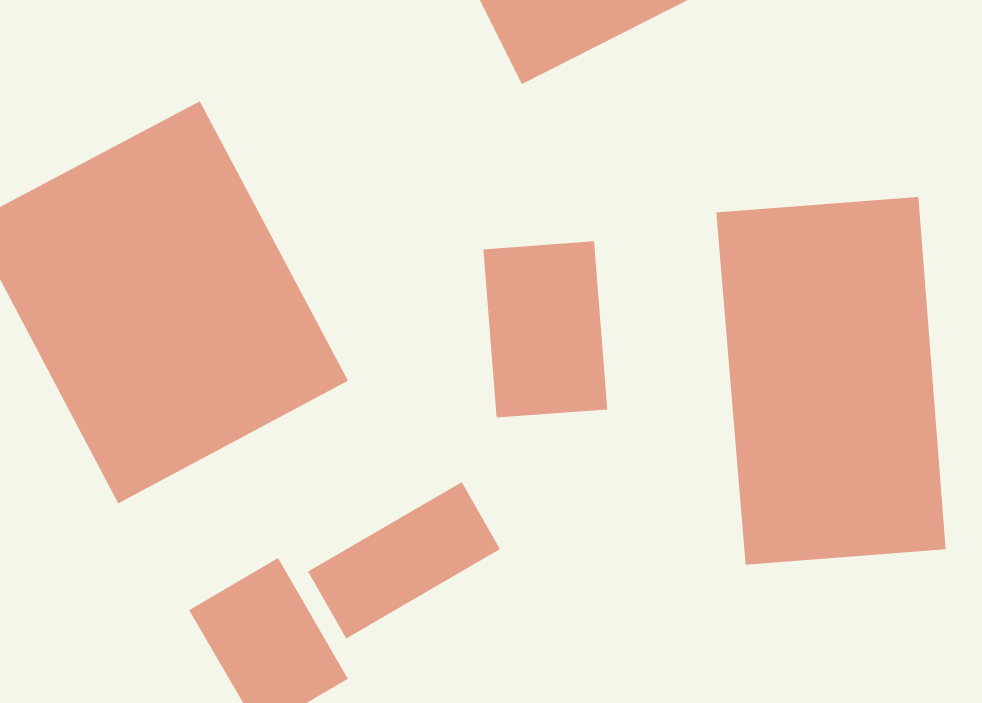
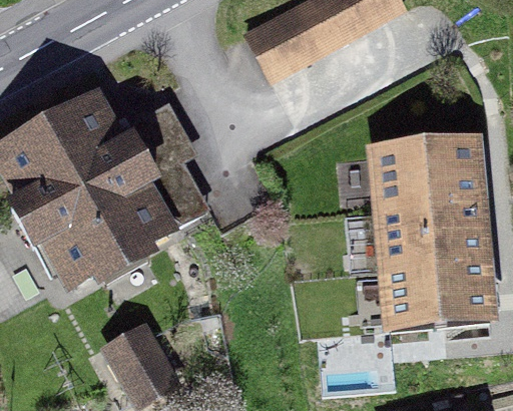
building: [483,241,608,418] -> none
building: [307,481,501,639] -> none

